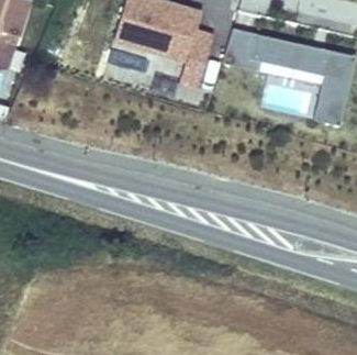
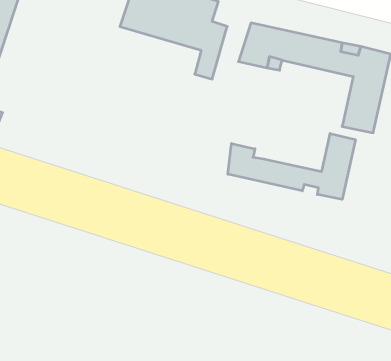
building: none -> [228,133,355,199]

